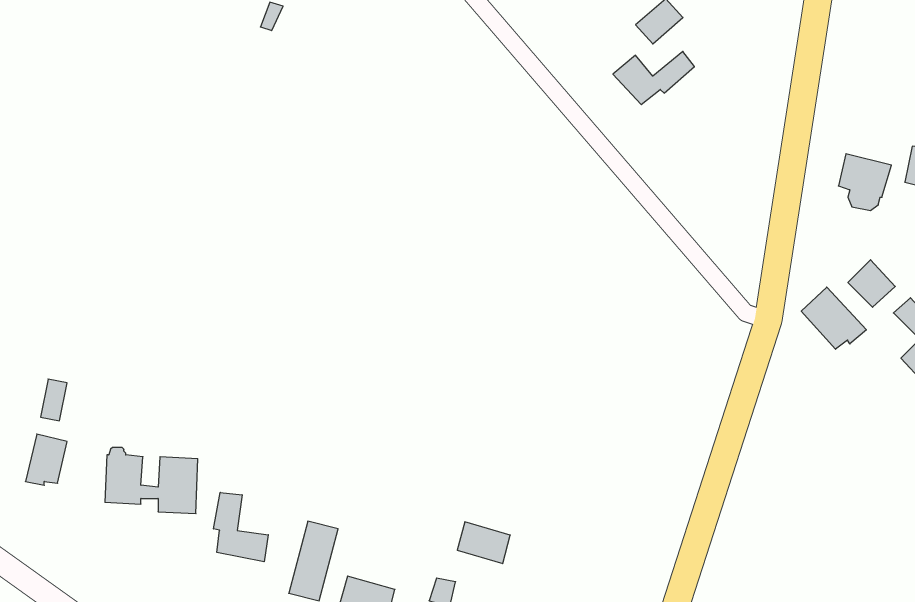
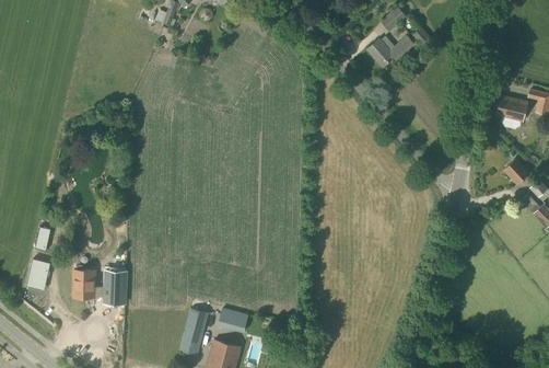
building: [801,287,866,349] -> none
building: [214,492,268,562] -> none
building: [457,522,510,564] -> [218,307,248,331]

